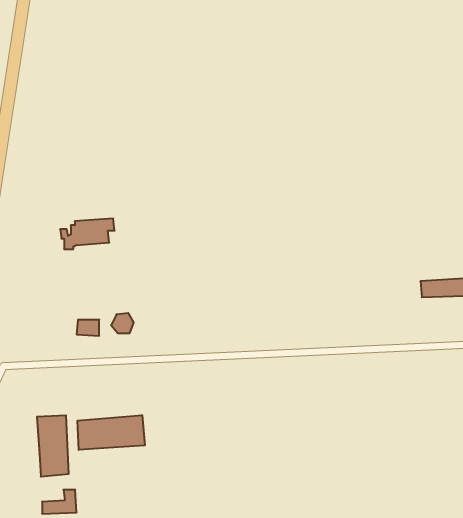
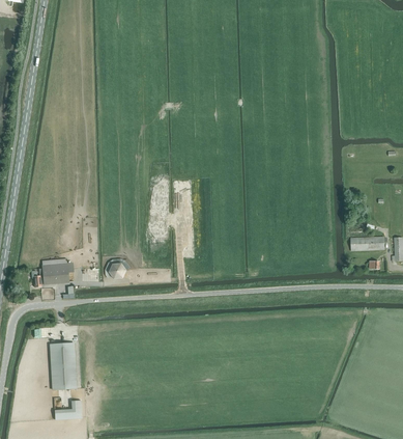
building: [60,219,115,249] -> [31,263,74,286]
building: [78,415,145,450] -> none

